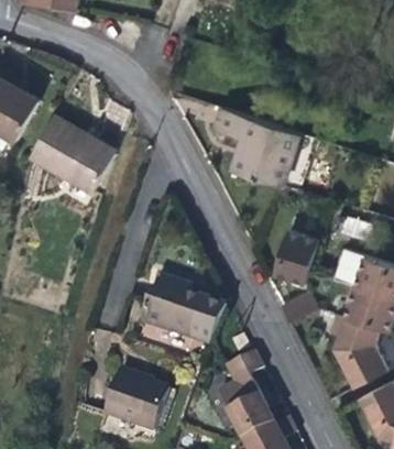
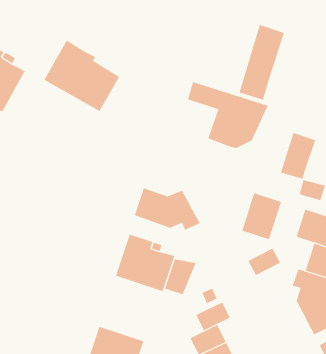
building: none -> [239,24,285,100]
building: [29,114,112,194] -> [44,40,120,112]
building: none -> [280,132,316,180]
building: none -> [134,187,200,230]

